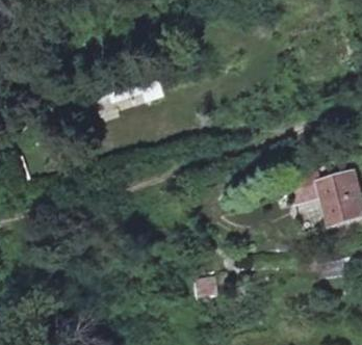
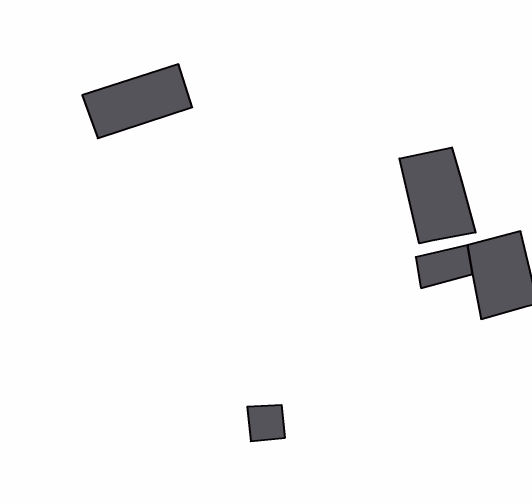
building: none -> [399,147,476,243]

